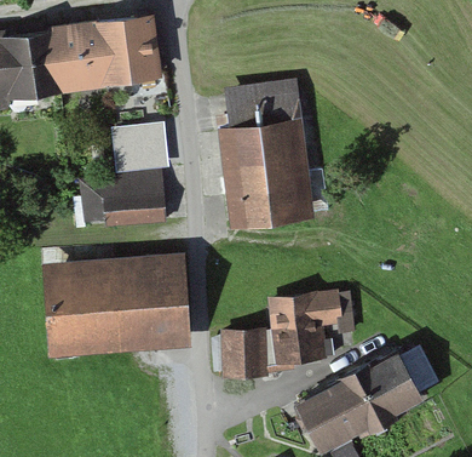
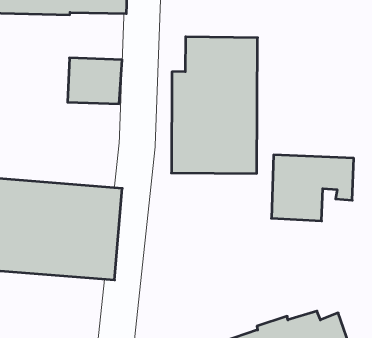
building: [79,172,166,228] -> none
building: [269,293,355,366] -> [271,155,354,221]
building: [220,330,267,381] -> none

